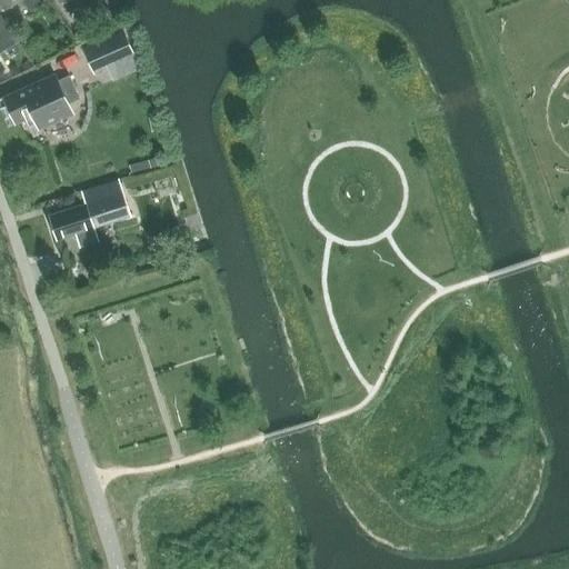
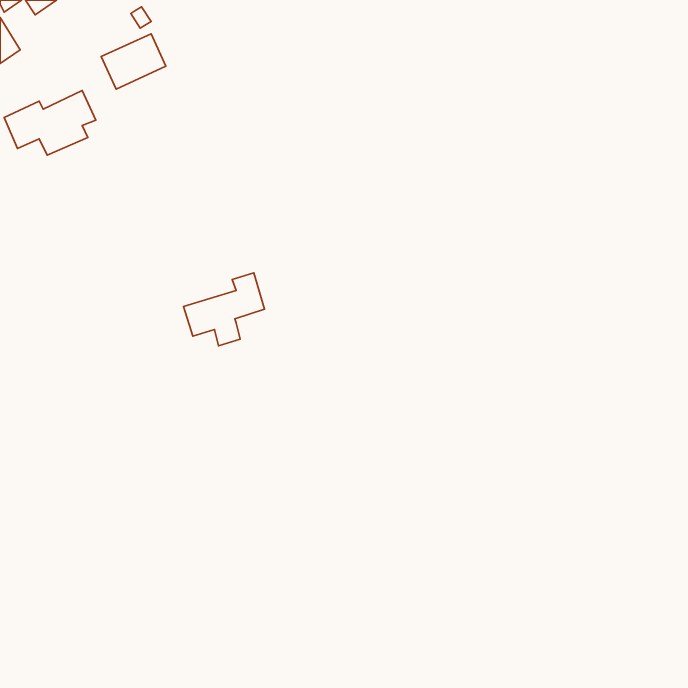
building: [50,188,117,248] -> [184,273,264,346]

